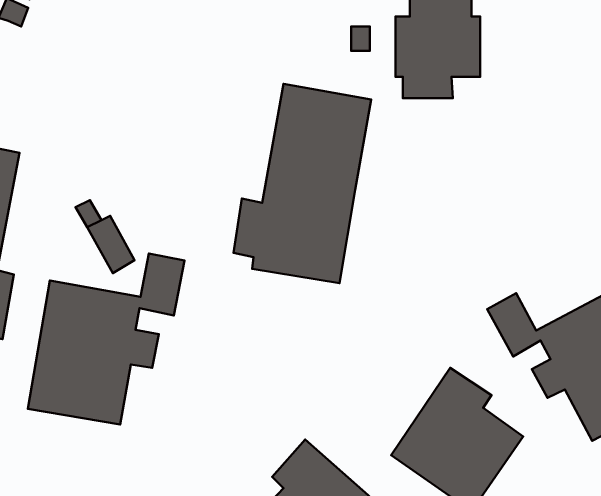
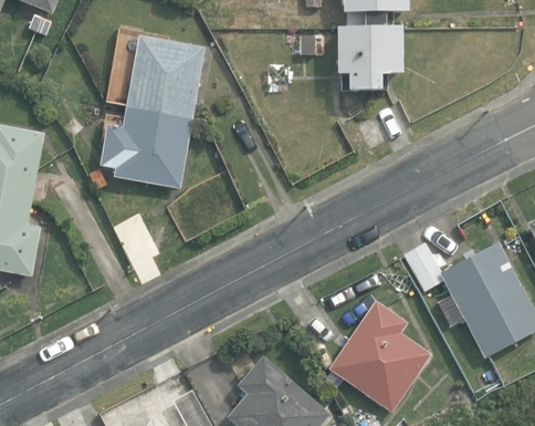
building: [233,84,371,283] -> [98,37,204,190]
building: [28,253,185,425] -> none

